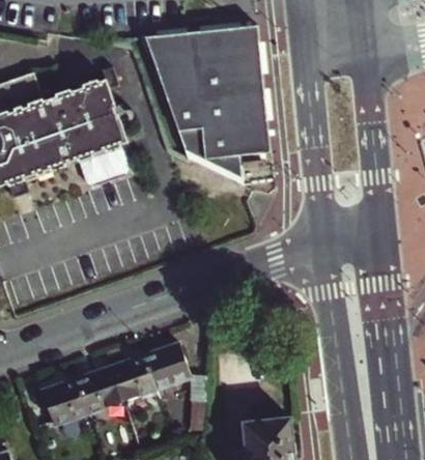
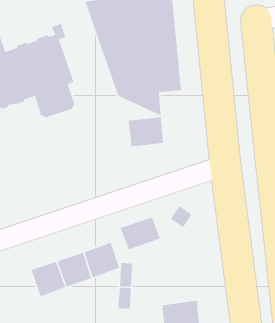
building: none -> [128,116,164,147]
building: none -> [120,217,161,250]
building: [40,377,87,424] -> none

